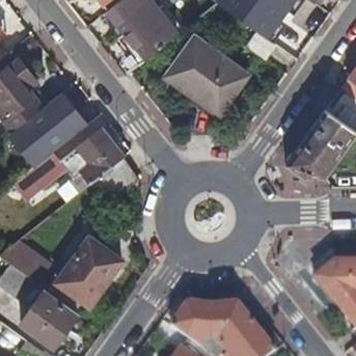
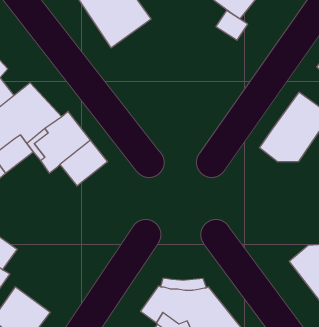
building: [164,35,254,121] -> none
building: [57,240,129,317] -> none

